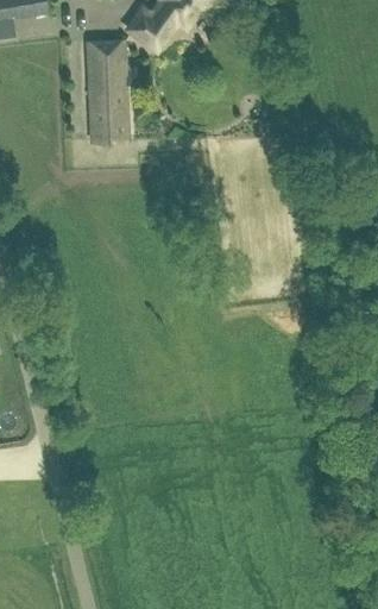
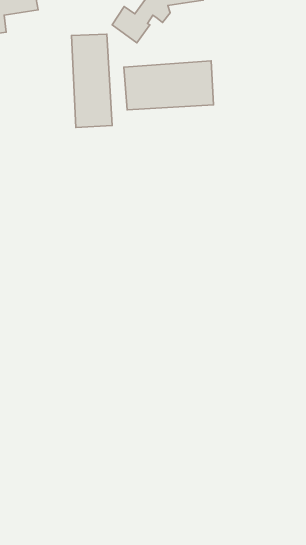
building: none -> [124,61,214,110]

